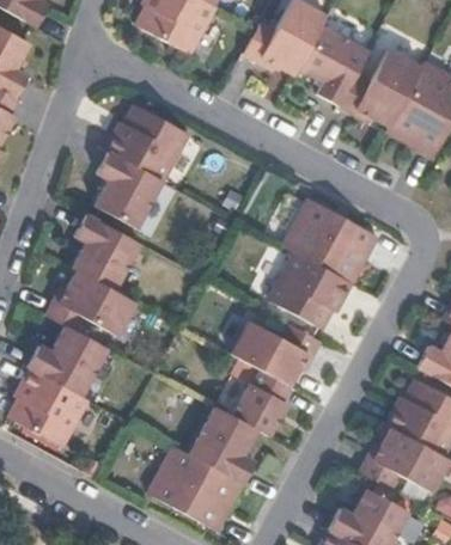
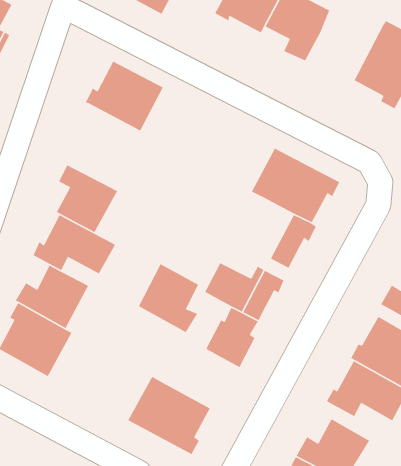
building: [341,48,423,125] -> none
building: [93,151,161,227] -> none
building: [268,251,328,317] -> none
building: [191,404,257,479] -> [138,263,199,333]

